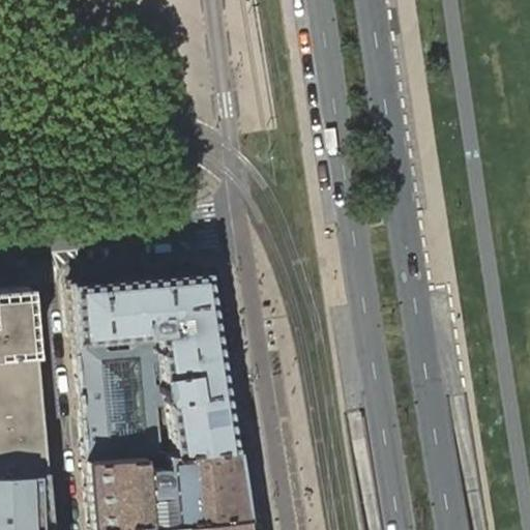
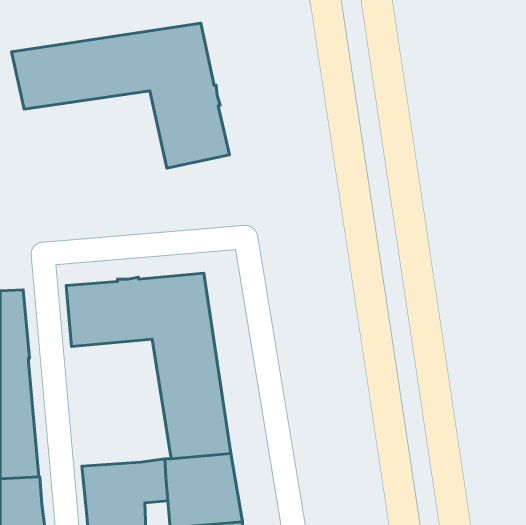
building: none -> [11,23,229,168]
building: [81,346,179,471] -> none

